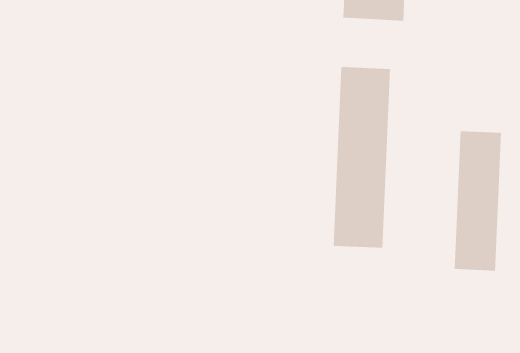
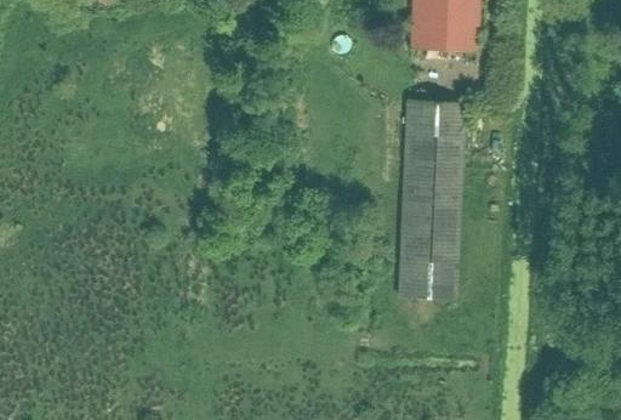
building: [454,130,501,271] -> none

